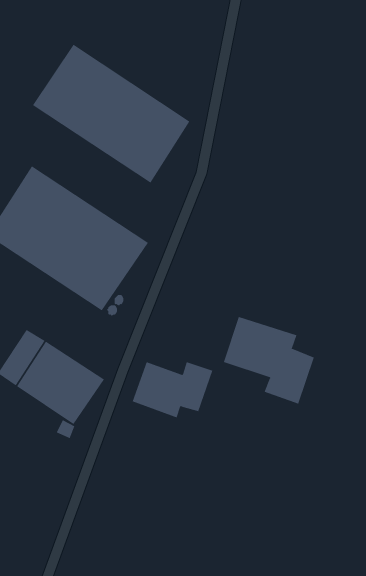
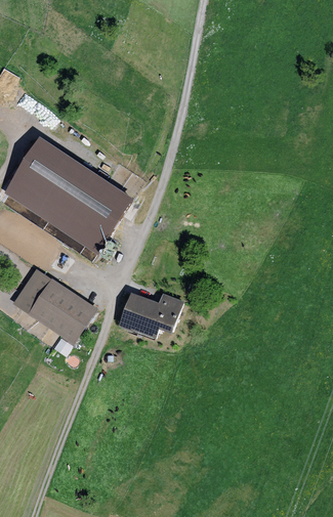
building: [32,44,190,184] -> none
building: [223,316,315,404] -> none

